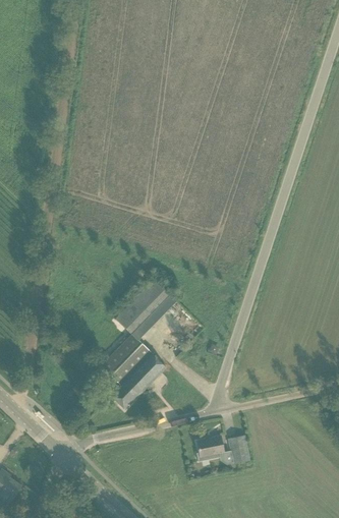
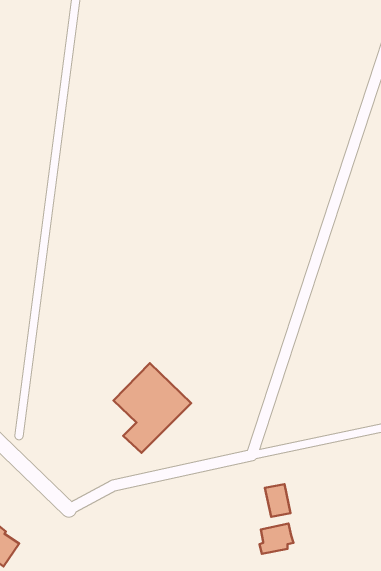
building: [115,280,169,334] -> none
building: [195,437,224,462] -> [260,524,293,554]

